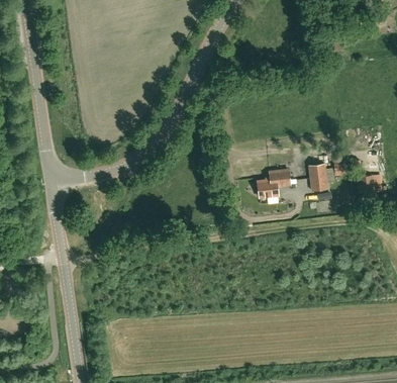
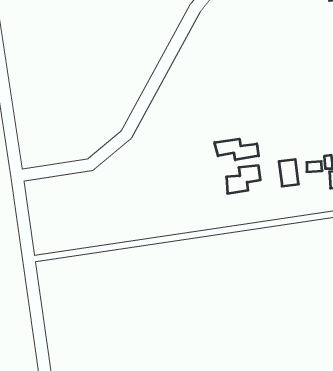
building: none -> [215,139,259,160]

